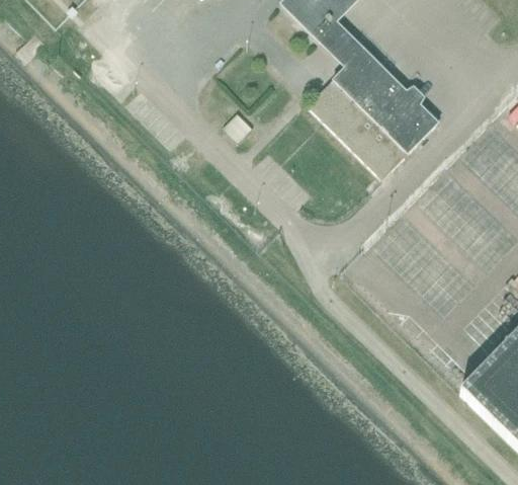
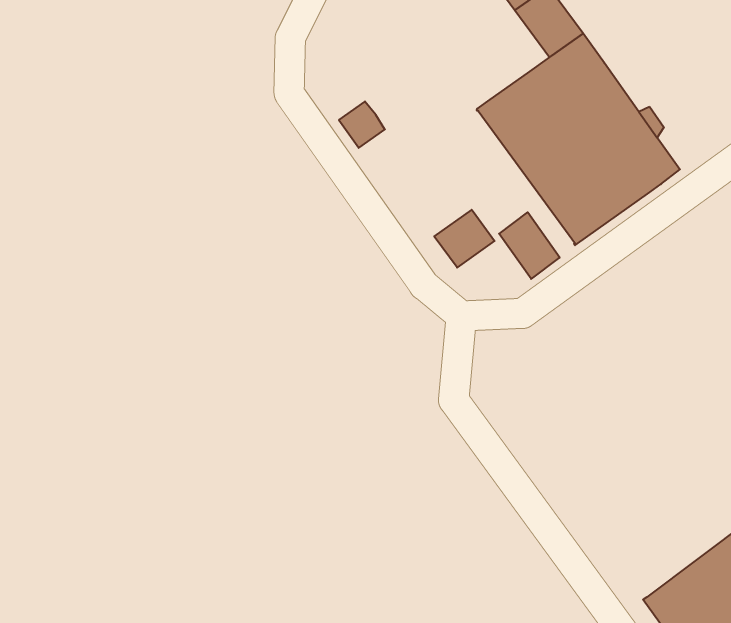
building: none -> [499,212,560,279]
building: none -> [434,210,495,268]

